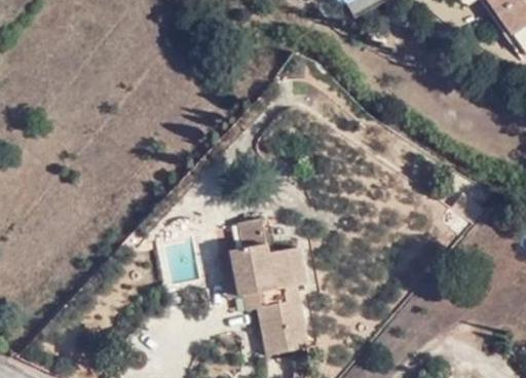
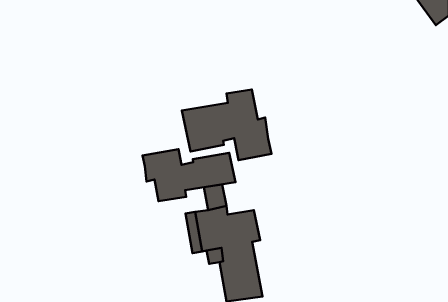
building: none -> [182,90,272,160]
building: none -> [142,149,235,201]

